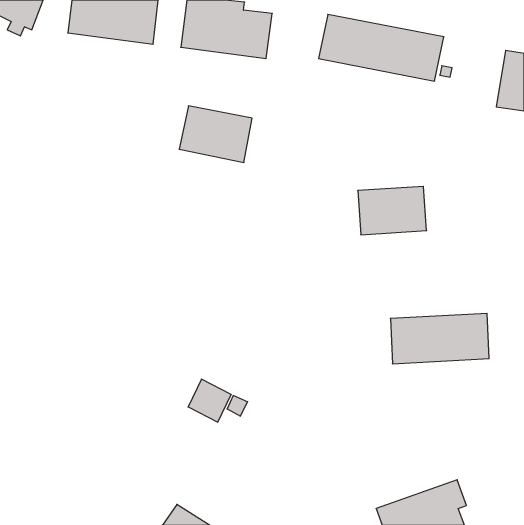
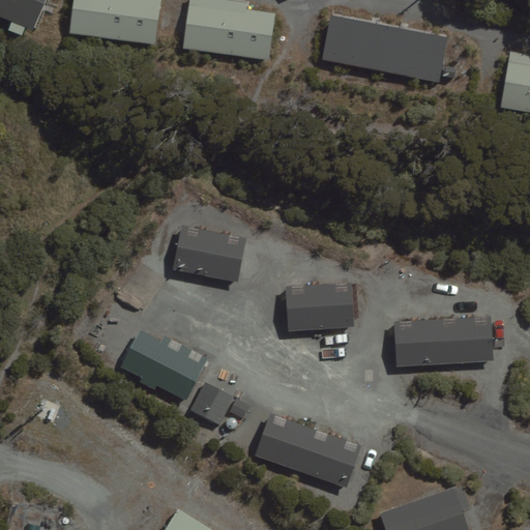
building: [179,106,252,162] -> [172,226,245,283]
building: [358,186,427,235] -> [285,283,354,331]
building: none -> [119,329,207,401]
building: none -> [255,413,361,489]

